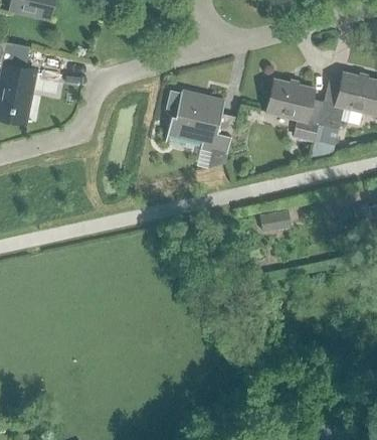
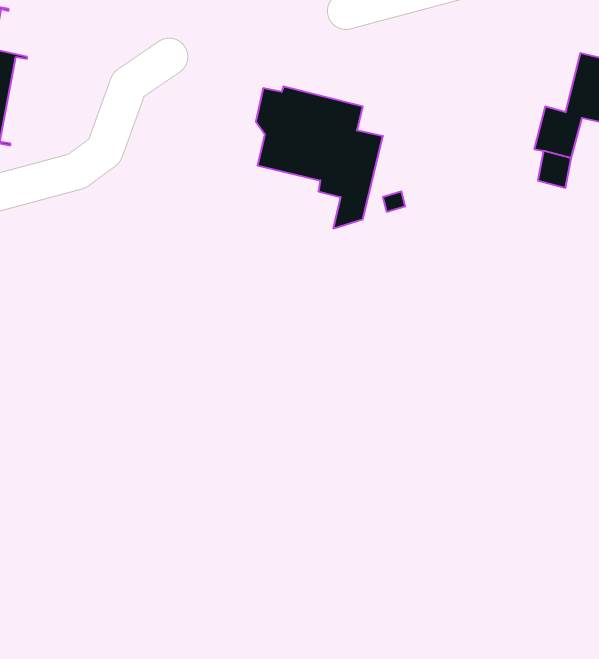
building: [267,80,325,141] -> none
building: [260,211,292,234] -> none

